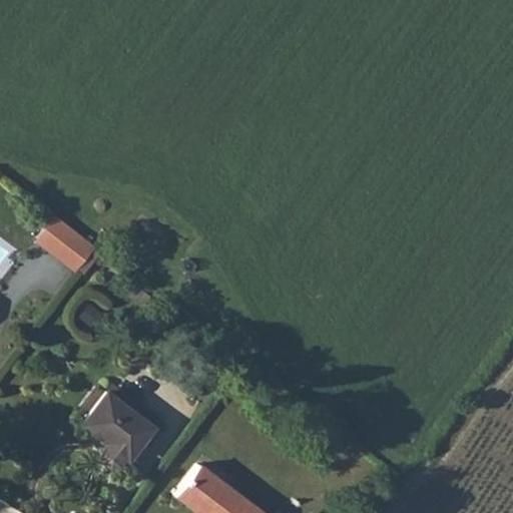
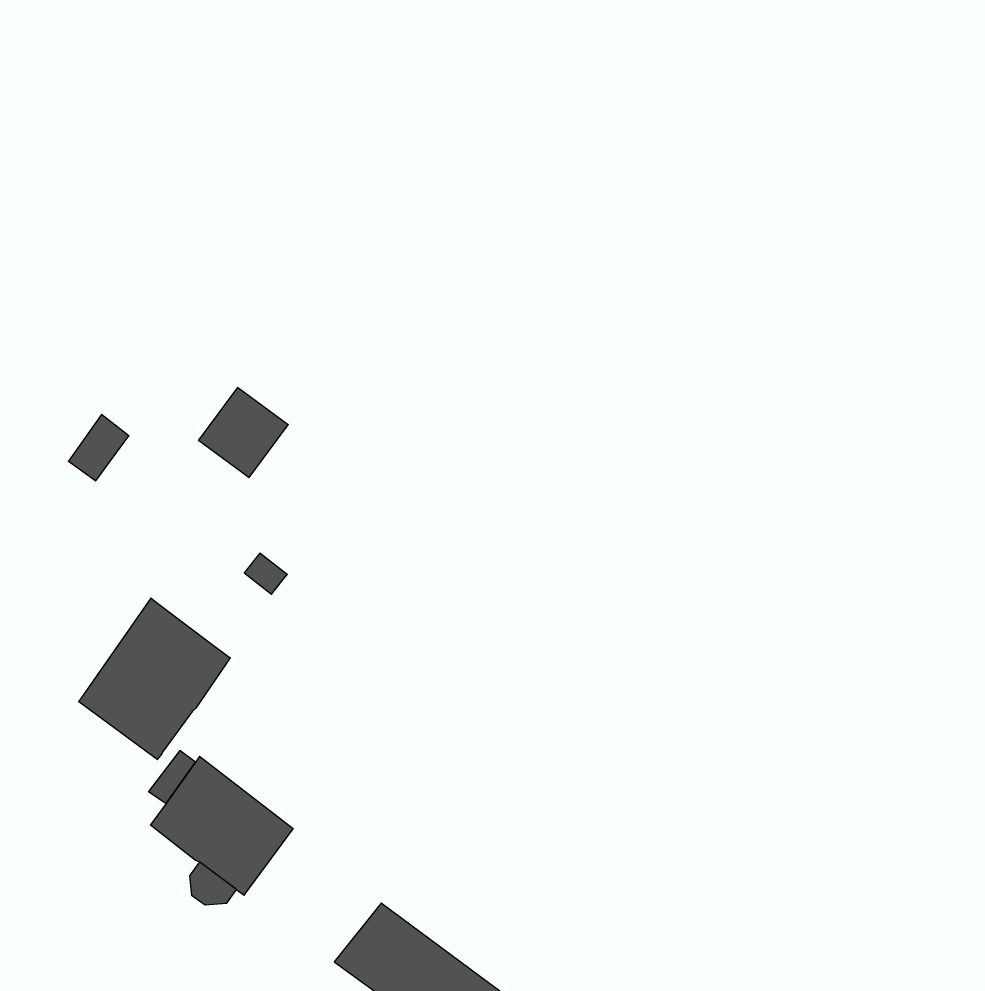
building: [53,227,99,274] -> [198,388,288,477]
building: none -> [79,598,230,760]

